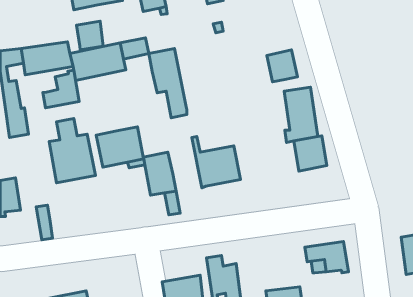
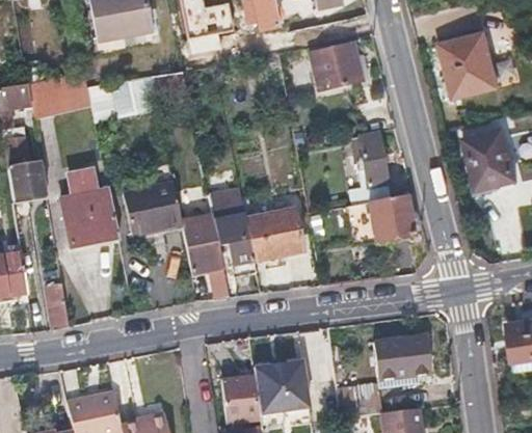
building: none -> [442,36,499,100]
building: [76,21,103,50] -> none
building: [149,48,187,118] -> [209,187,257,274]
building: [267,50,297,82] -> [322,47,361,87]
building: [43,70,79,108] -> none
building: none -> [464,129,514,189]

